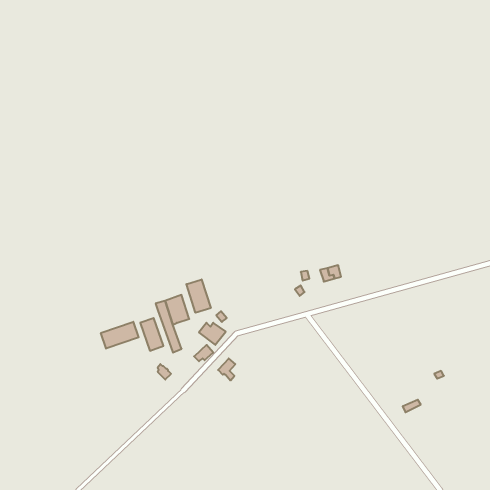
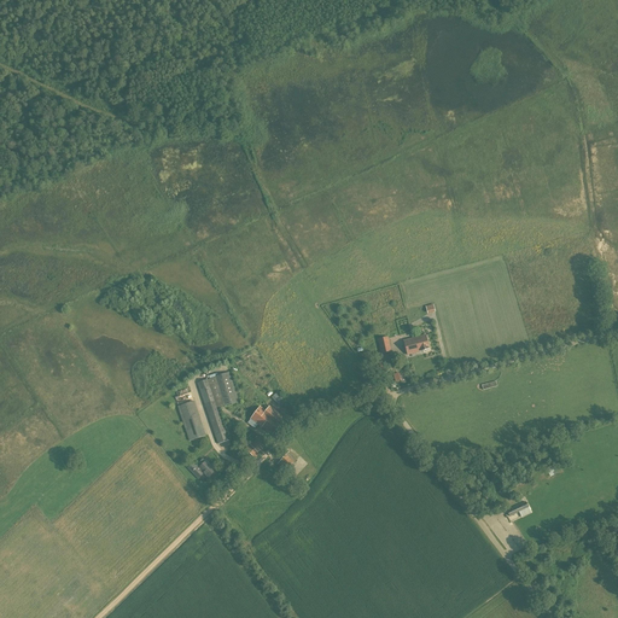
building: [186,279,211,313] -> none
building: [101,322,139,349] -> none

